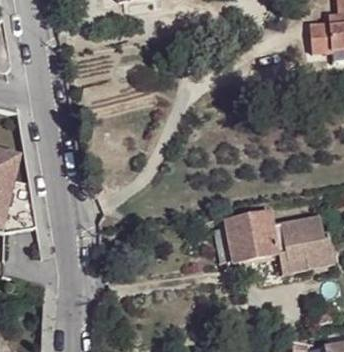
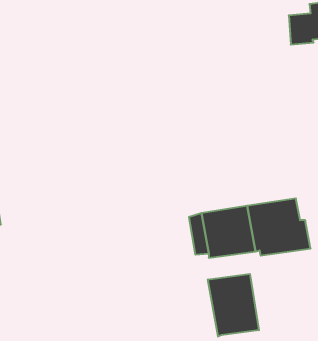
building: none -> [208,274,259,337]

